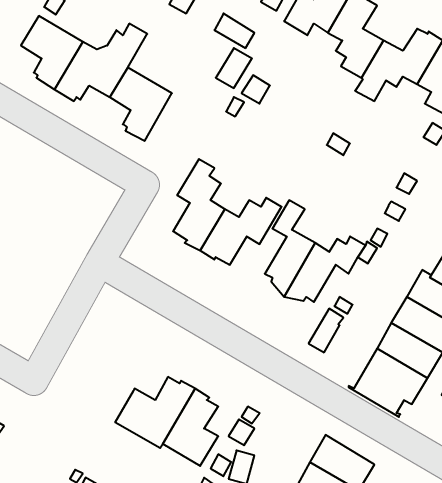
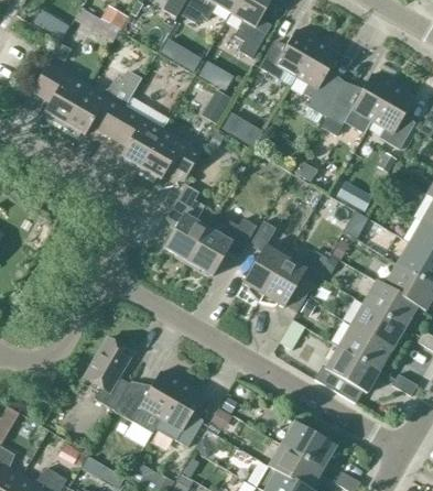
building: none -> [139,129,199,181]
building: none -> [84,338,131,410]

